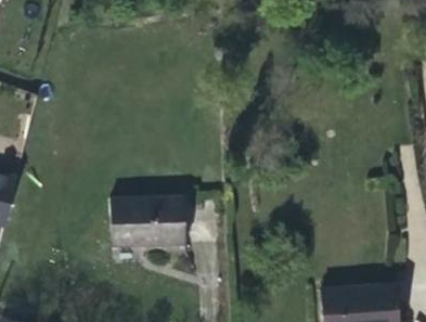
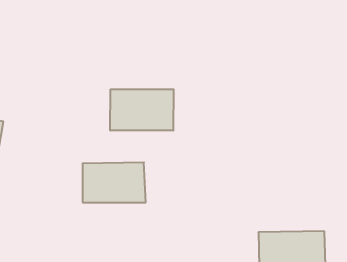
building: none -> [110,89,174,131]

